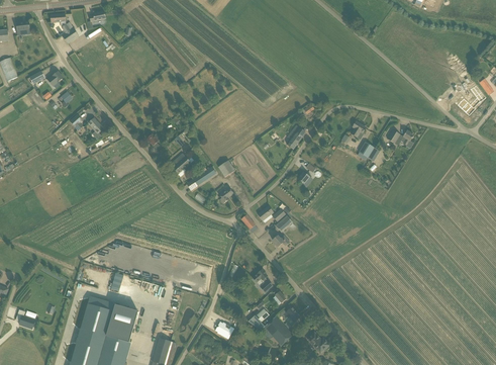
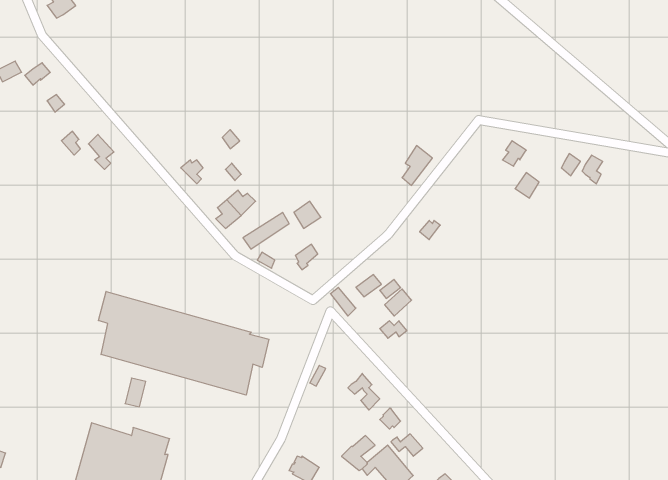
building: none -> [98,291,269,395]

